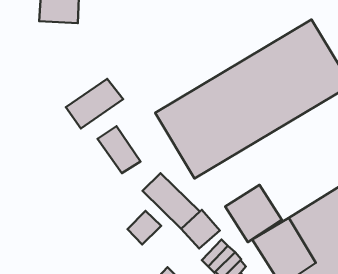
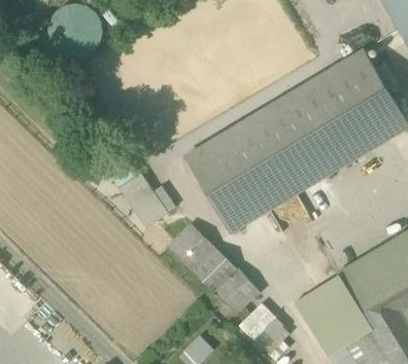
building: [66,79,123,129] -> none
building: [225,185,282,242] -> none
building: [127,211,161,245] -> none

